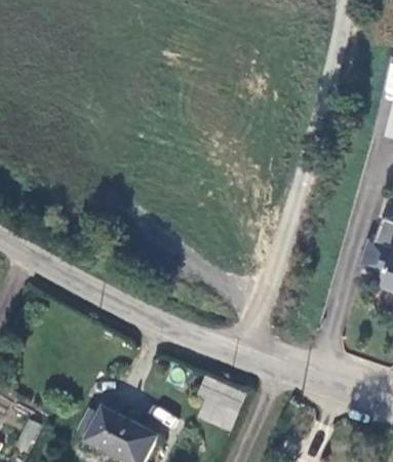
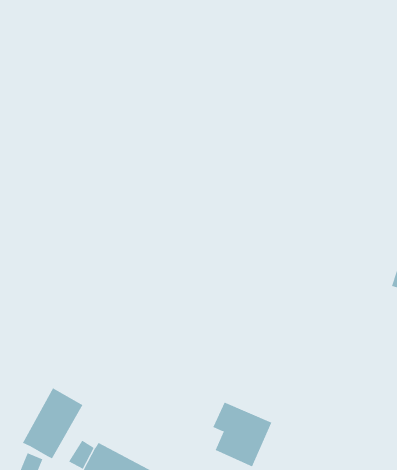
building: none -> [22,388,83,459]

